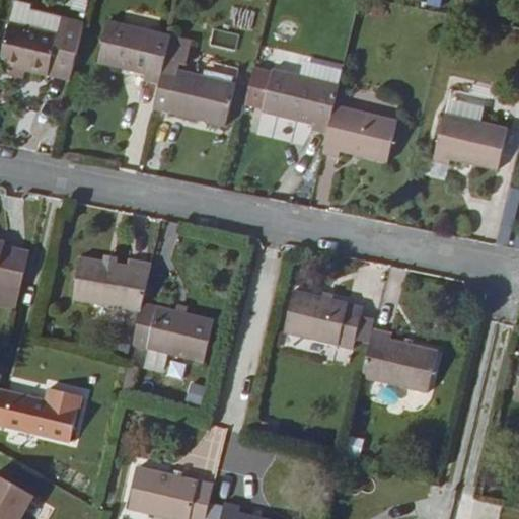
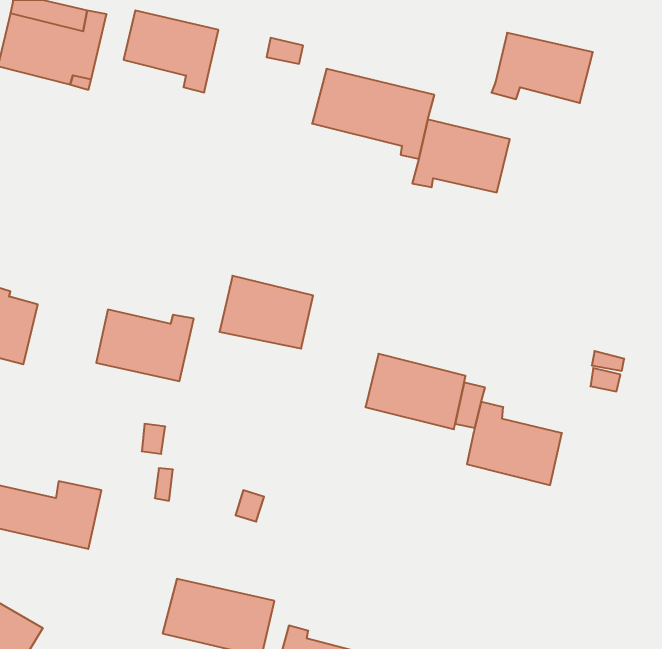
building: [153,66,237,126] -> none
building: [429,114,508,168] -> [491,33,593,103]
building: [132,300,205,357] -> [219,276,313,349]

